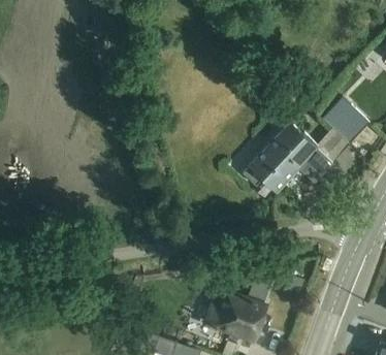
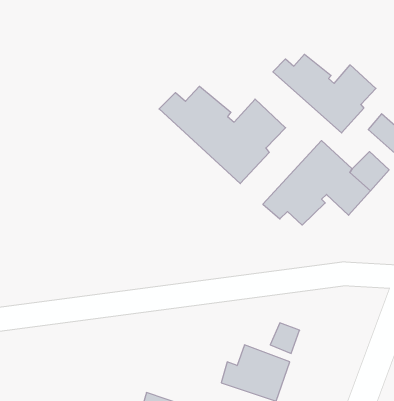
building: none -> [273,54,376,133]
building: none -> [159,86,286,184]

